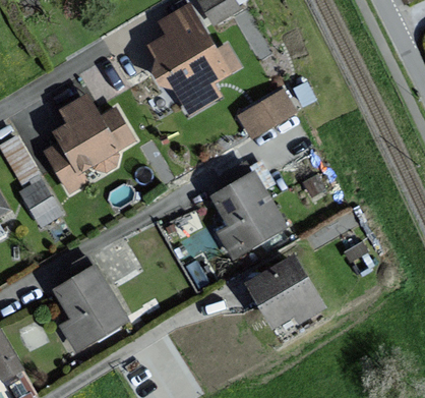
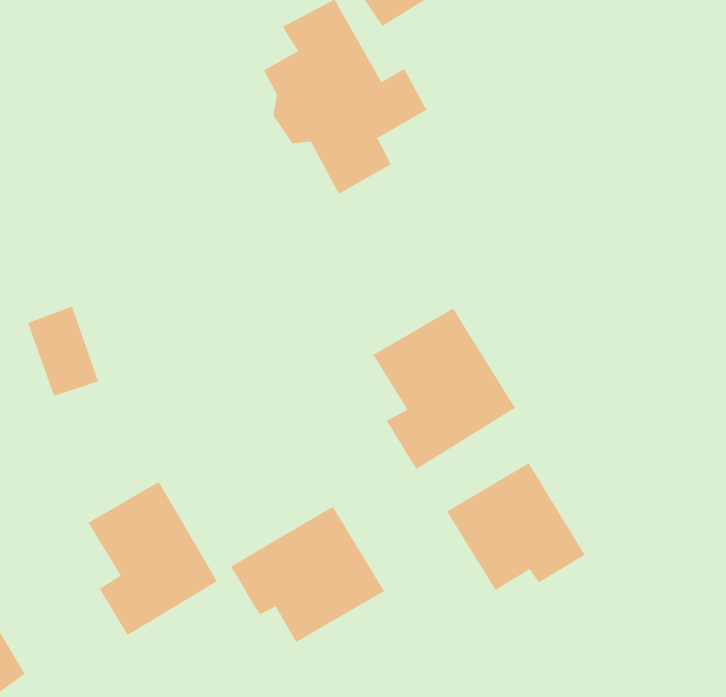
building: [236,89,295,140] -> none
building: [47,95,133,190] -> none
building: none -> [230,506,385,643]

